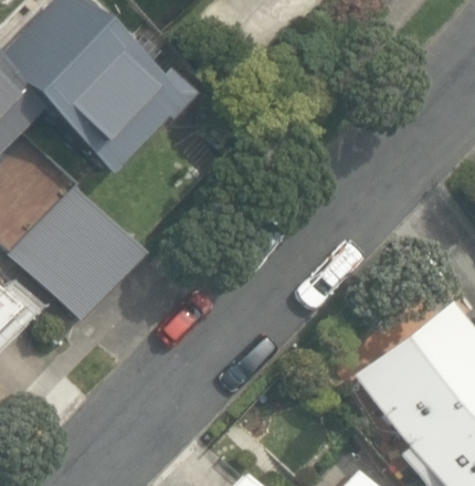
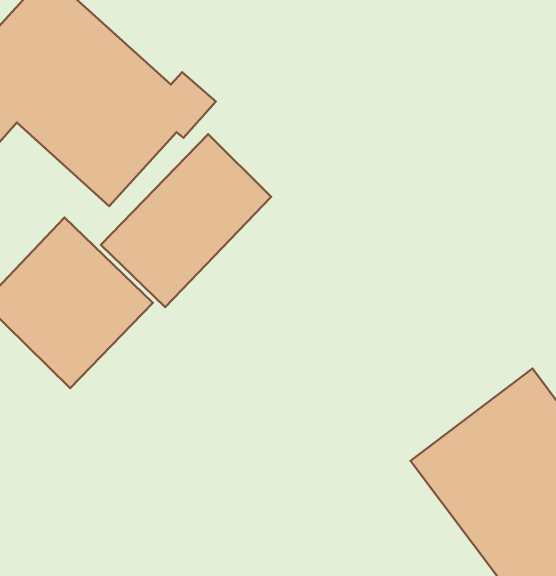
building: none -> [101,134,271,307]

